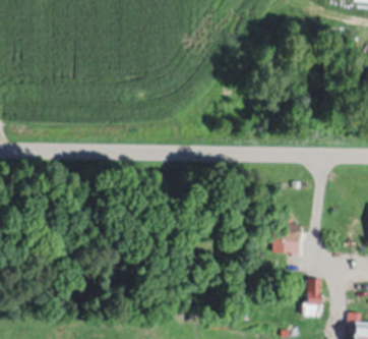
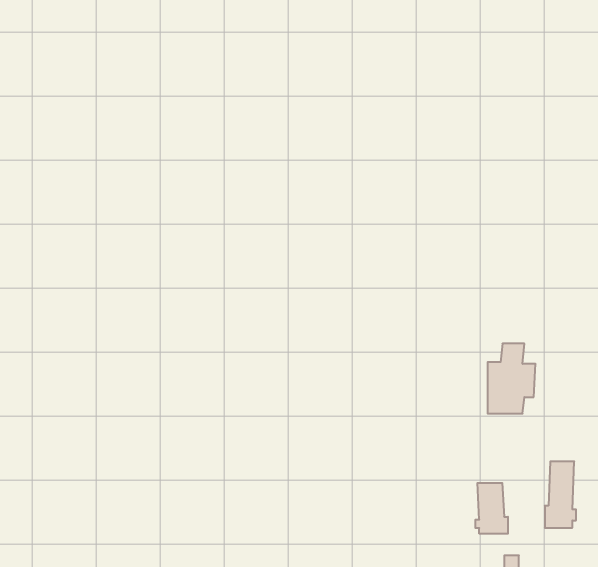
building: none -> [475,483,508,534]

